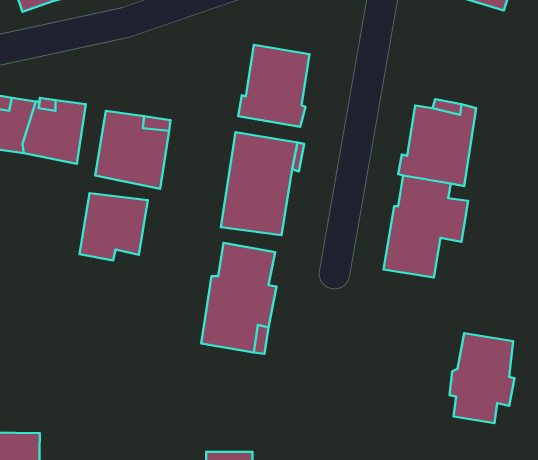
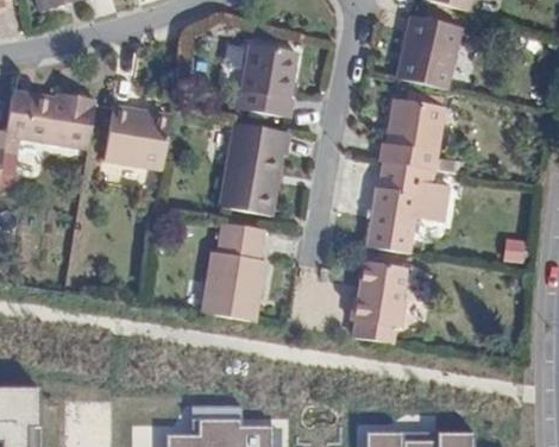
building: none -> [394,15,460,89]
building: [79,193,148,261] -> none
building: [450,333,514,423] -> [348,262,407,342]

